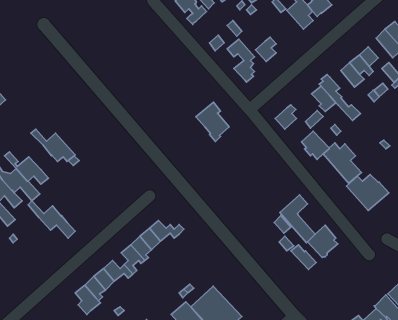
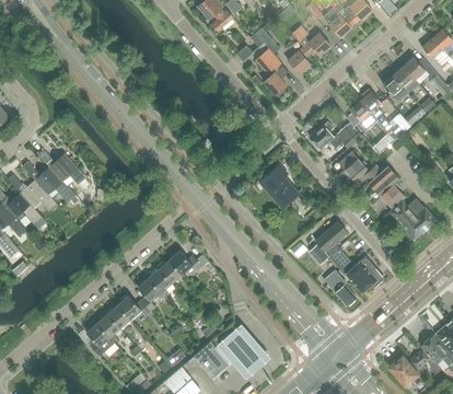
building: none -> [291,23,330,56]
building: [196,102,229,141] -> [260,164,298,208]
building: [28,201,75,238] -> [23,161,76,202]

